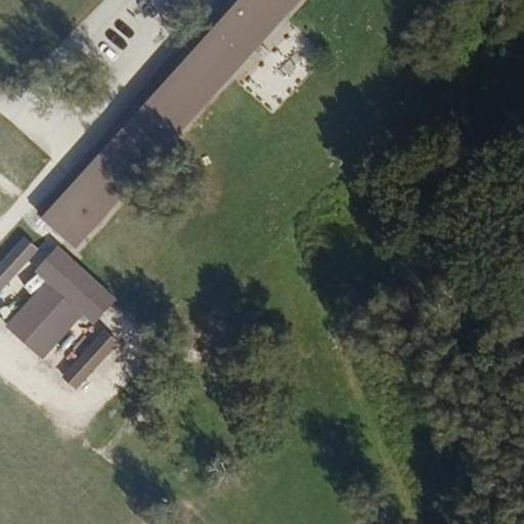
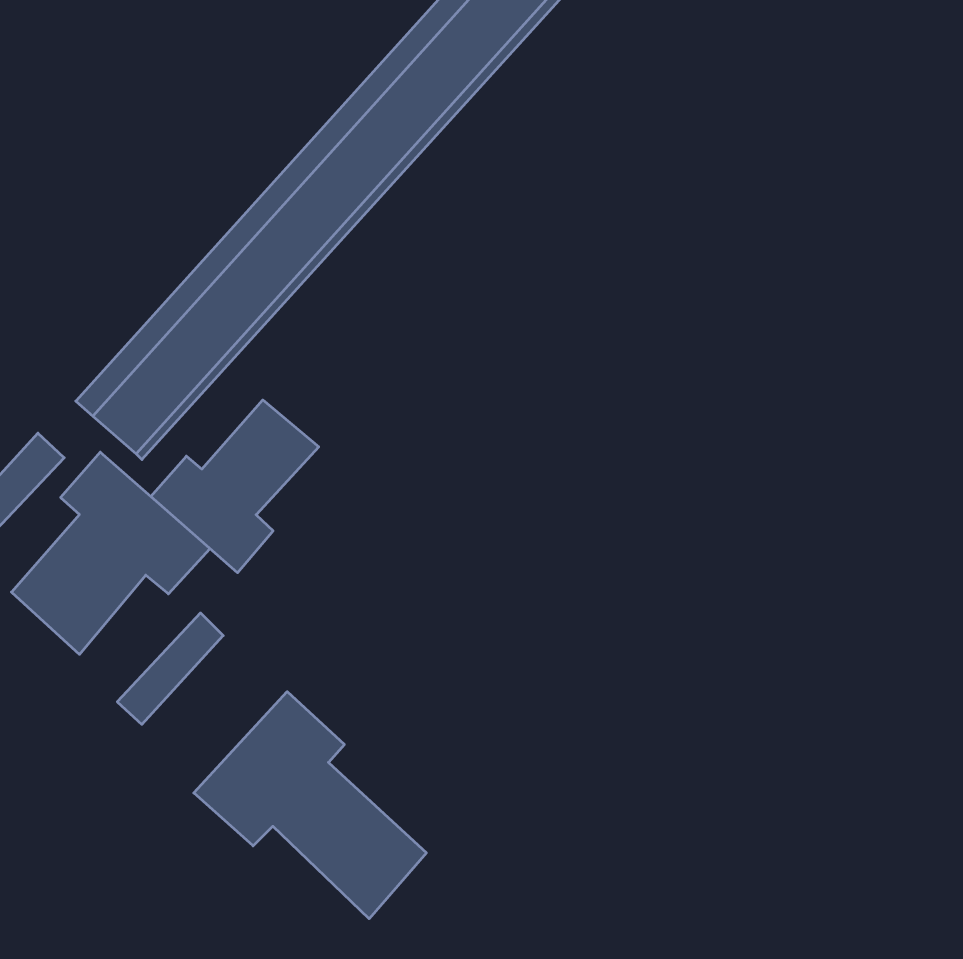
building: none -> [151,400,319,573]
building: none -> [194,692,426,919]

